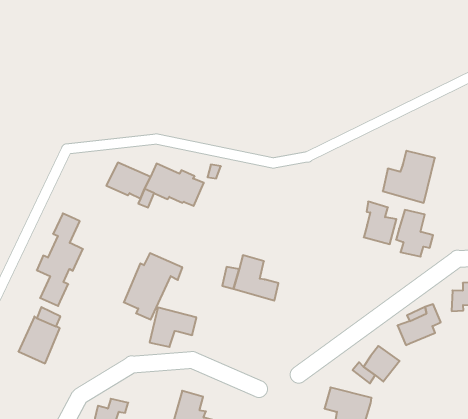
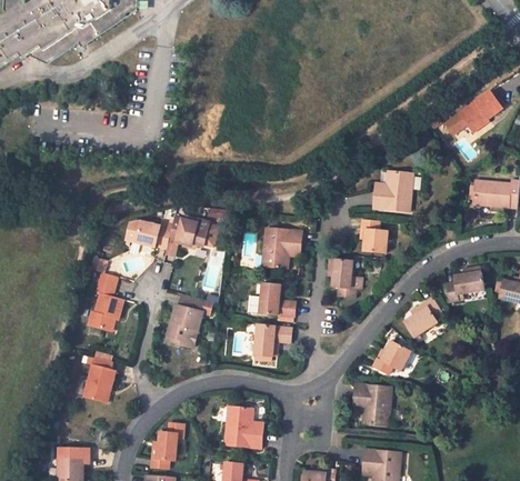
building: none -> [262,227,301,268]
building: [396,210,433,257] -> [331,259,362,297]
building: [150,308,196,347] -> [254,323,291,355]

